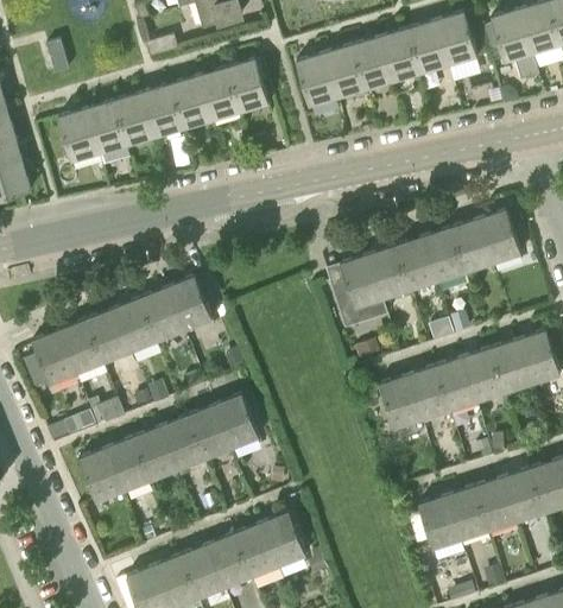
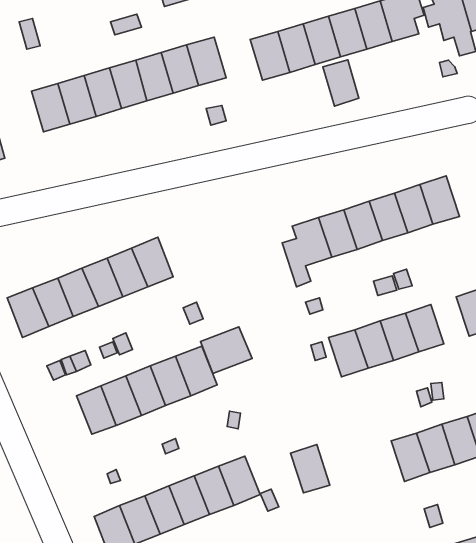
building: none -> [323,60,359,106]
building: [489,341,531,392] -> none
building: none -> [200,327,252,374]
building: [78,448,124,501] -> none
building: [418,496,461,549] -> [290,445,330,493]

